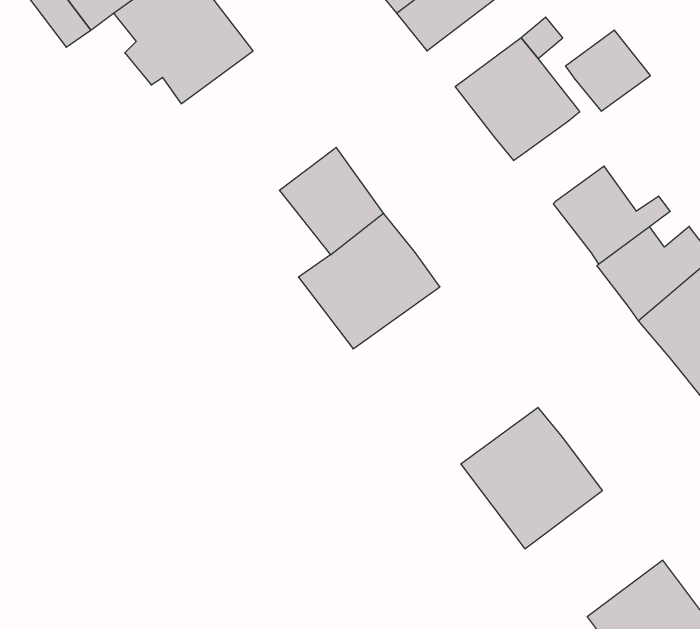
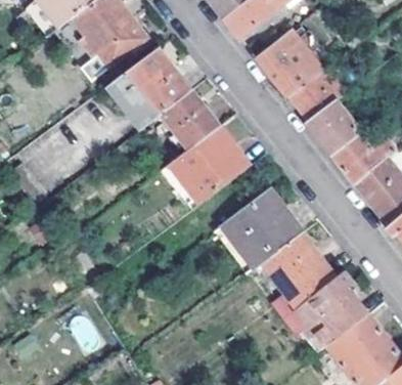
building: [565,30,650,111] -> [289,76,336,120]
building: none -> [106,48,189,128]
building: none -> [217,188,300,268]
building: none -> [293,270,367,345]

